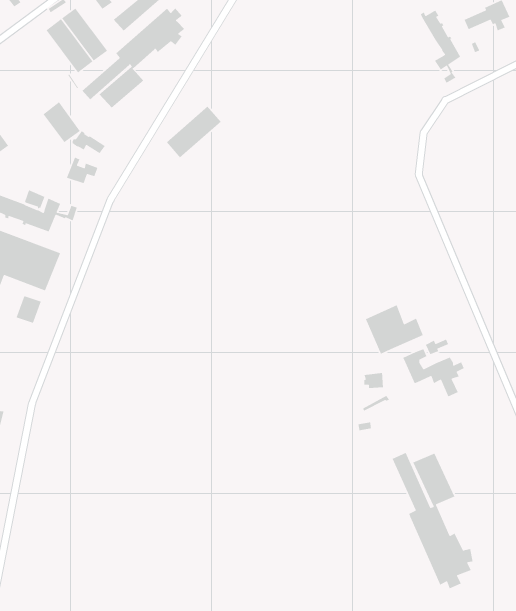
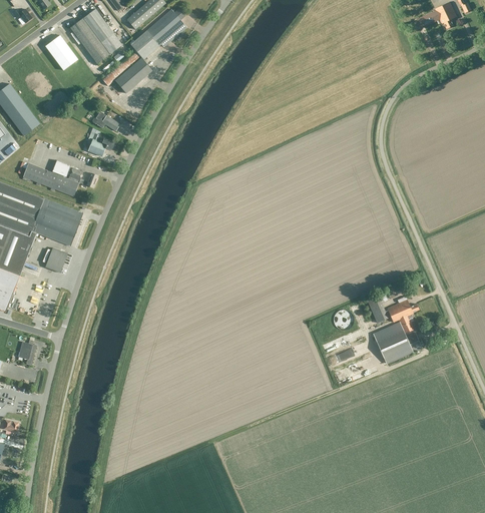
building: [420,9,461,84] -> none
building: [42,101,81,143] -> [44,34,76,69]
building: [166,105,222,159] -> none
building: [365,304,424,355] -> [372,321,421,363]
building: [392,452,473,590] -> none

